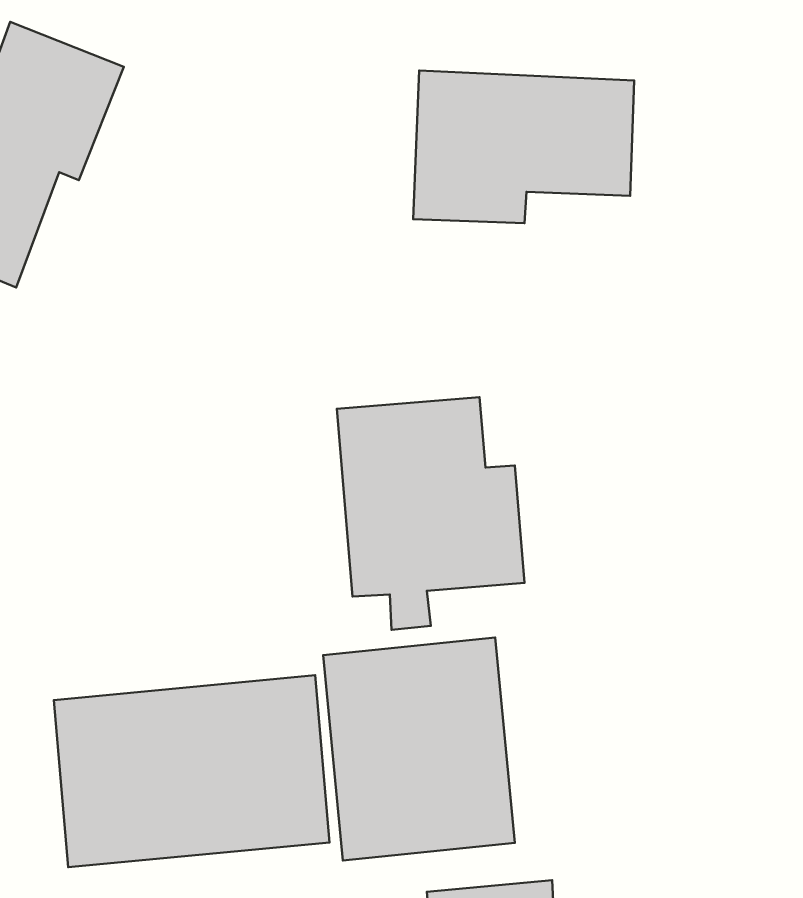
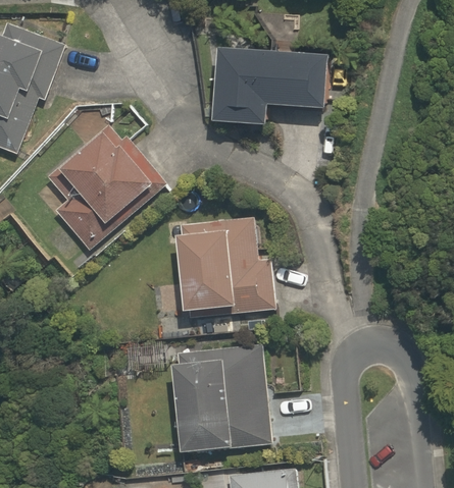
building: none -> [40,119,166,257]
building: [54,675,330,867] -> none

